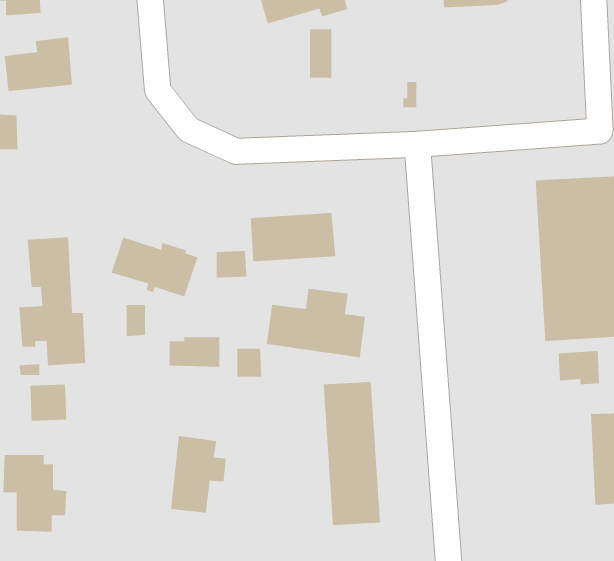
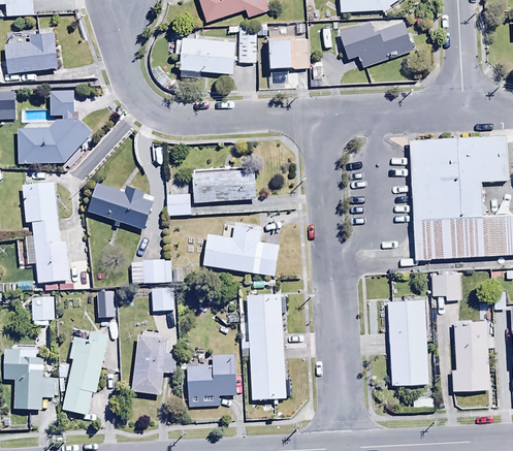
building: none -> [341,19,419,72]
building: none -> [174,37,235,72]
building: none -> [269,38,309,67]
building: none -> [18,90,90,163]
building: [126,304,146,337] -> [97,288,113,313]
building: [236,348,262,377] -> [151,287,170,310]
building: none -> [385,295,430,383]
building: none -> [61,330,108,415]
building: none -> [188,356,242,408]

